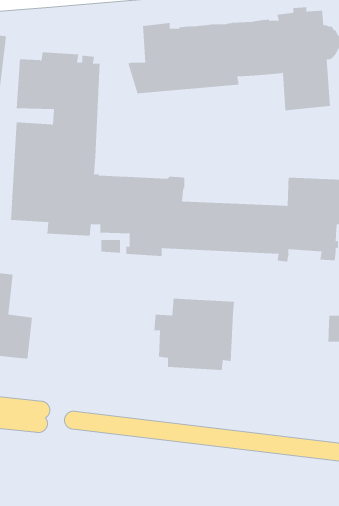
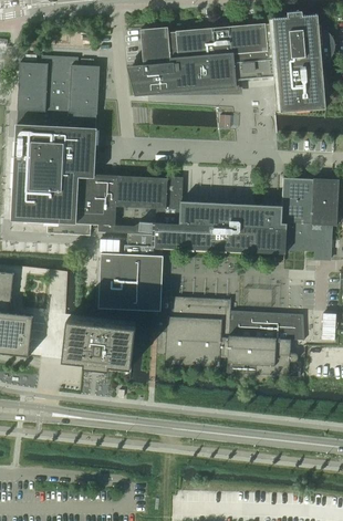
building: none -> [98,252,163,310]
building: none -> [227,310,303,376]
building: none -> [62,319,136,368]

